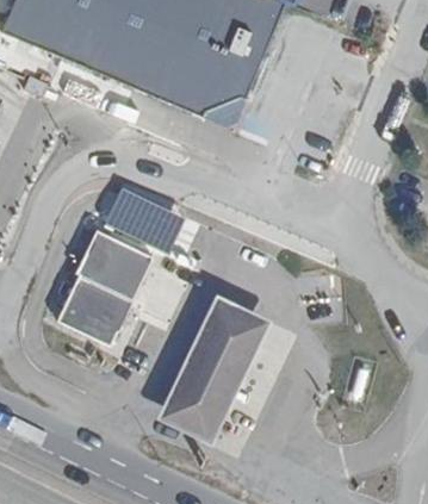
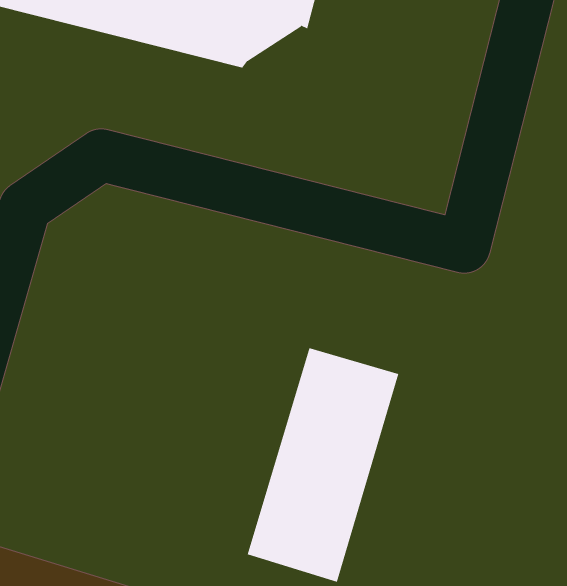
building: [105,187,184,253] -> none
building: [58,231,153,344] -> none

